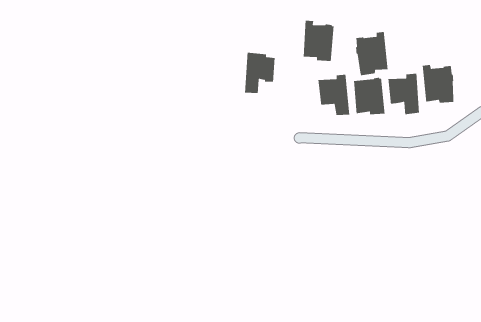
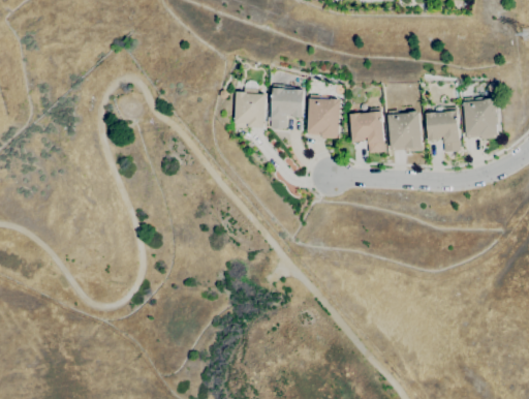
building: [303,20,334,62] -> [308,94,342,140]
building: [355,31,389,76] -> none
building: none -> [235,88,266,128]

